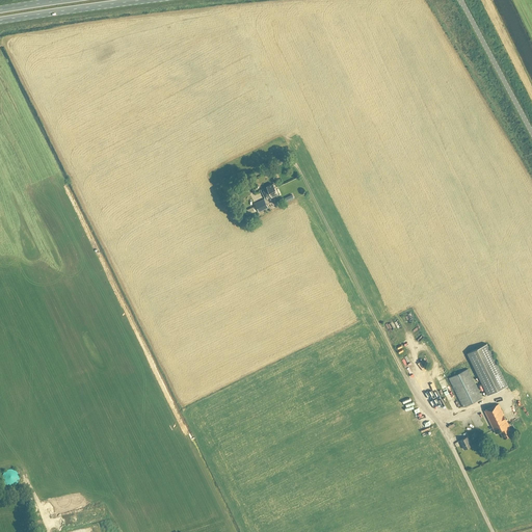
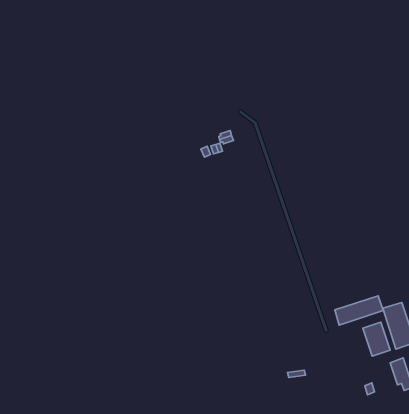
building: none -> [335,296,383,325]

